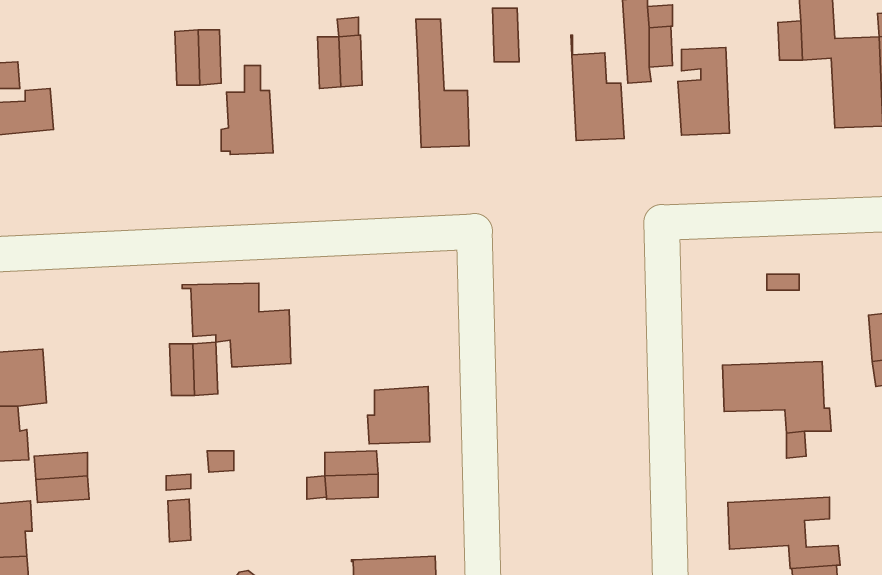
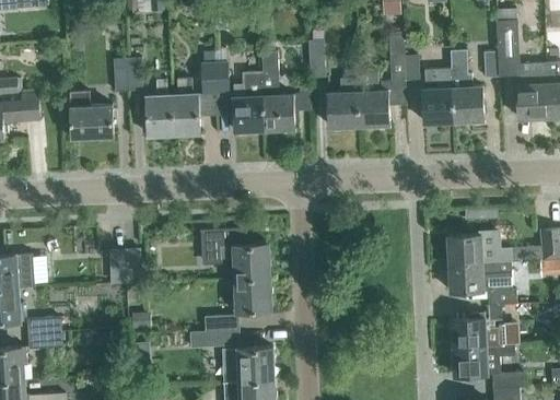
building: none -> [451,50,483,121]
building: none -> [328,61,360,127]
building: none -> [233,72,265,131]
building: none -> [172,79,200,133]
building: none -> [70,92,114,138]
building: [182,283,291,367] -> [202,227,269,279]
building: none -> [447,233,511,263]
building: none -> [452,311,520,348]
building: none -> [223,348,273,383]

